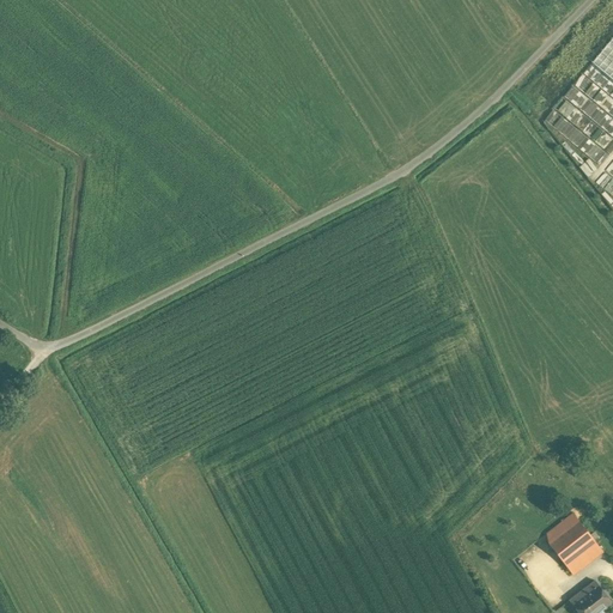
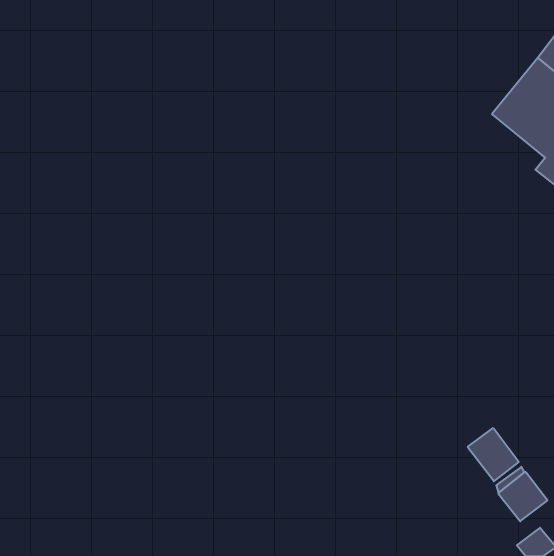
building: none -> [468,428,519,481]

